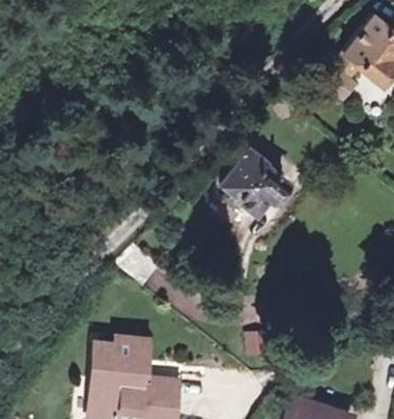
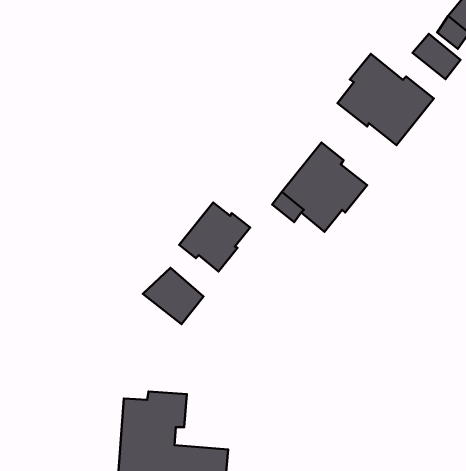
building: none -> [337,54,434,145]
building: none -> [179,202,250,271]

